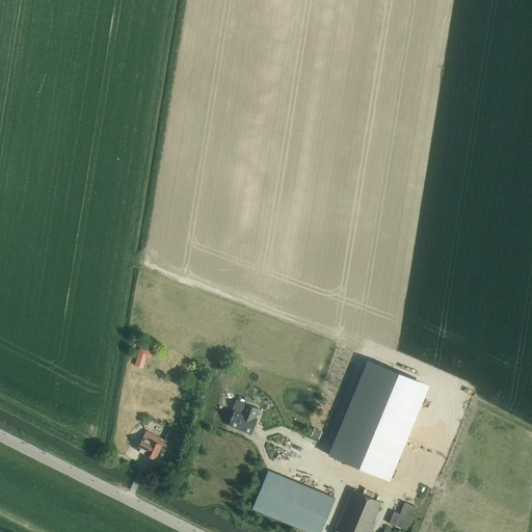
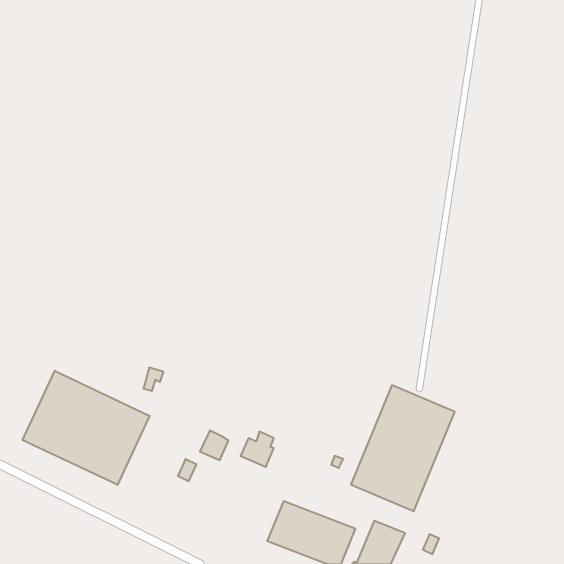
building: none -> [23,371,150,485]
building: [137,430,164,458] -> [200,430,229,460]

